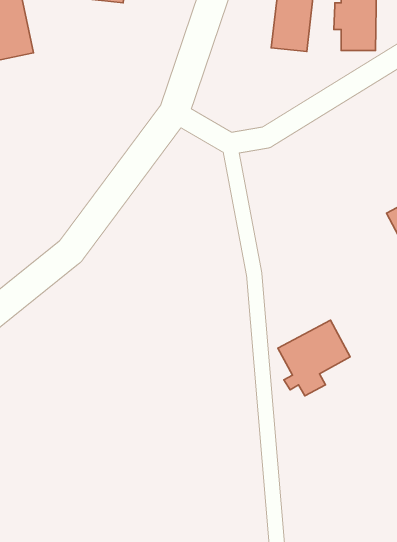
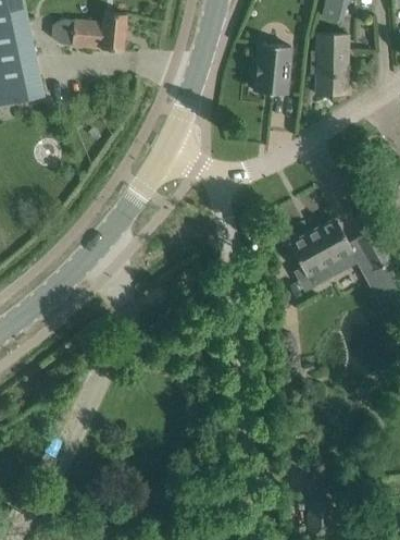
building: [278,320,350,396] -> [288,219,352,286]

